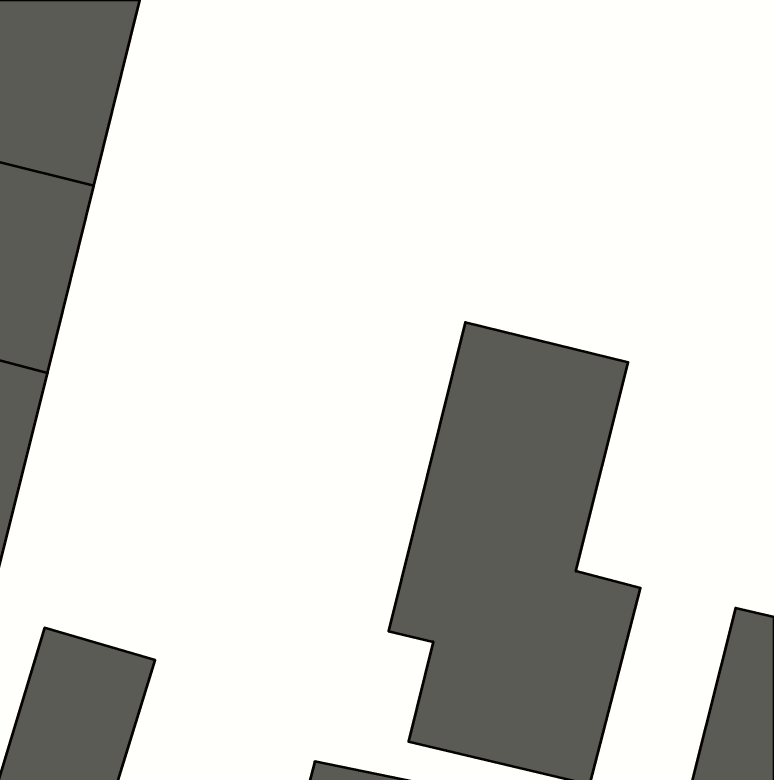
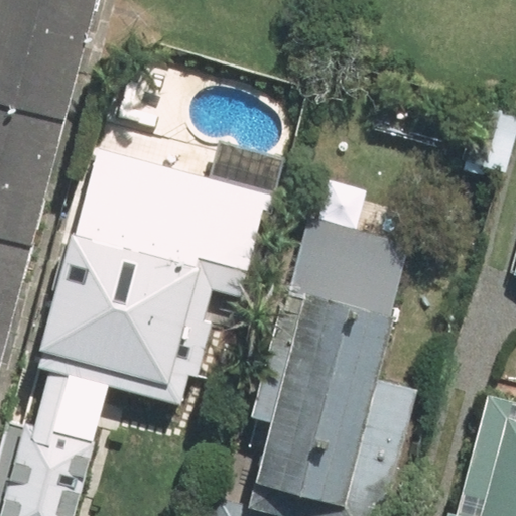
building: none -> [68,156,250,263]
building: none -> [42,234,216,385]

